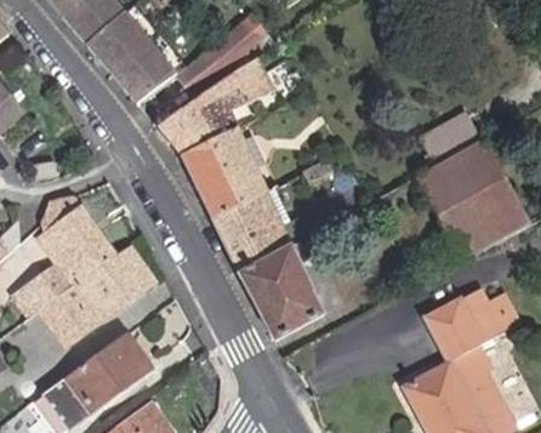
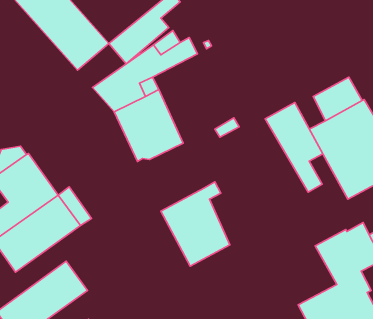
building: none -> [265,103,323,192]
building: [211,192,291,273] -> none

